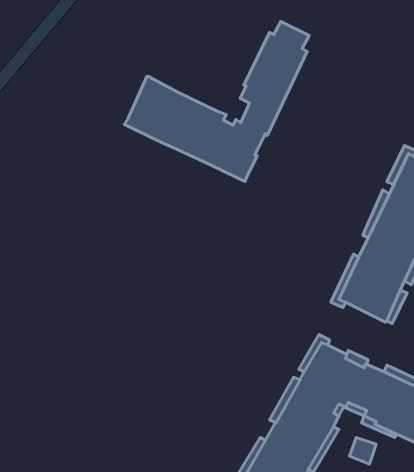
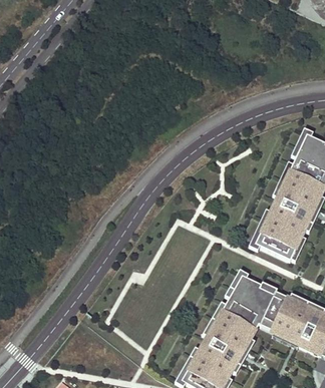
building: [125,22,309,182] -> none

